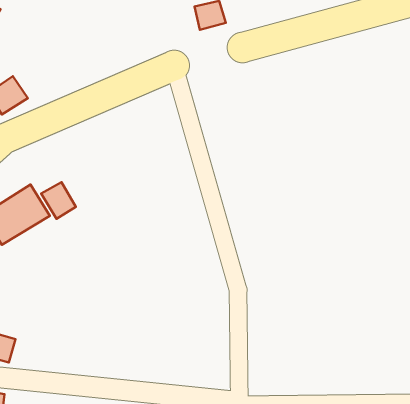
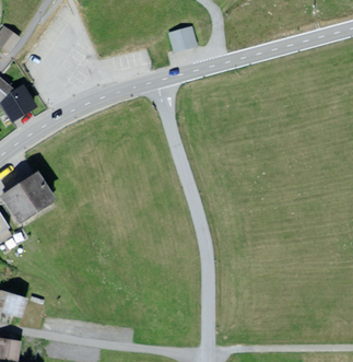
building: [41,182,76,219] -> none

